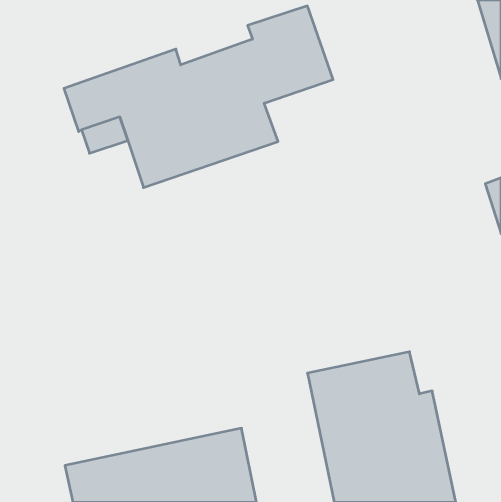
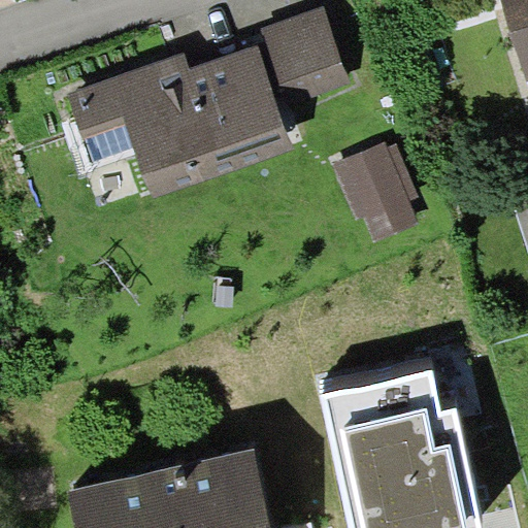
building: none -> [334,140,420,239]

